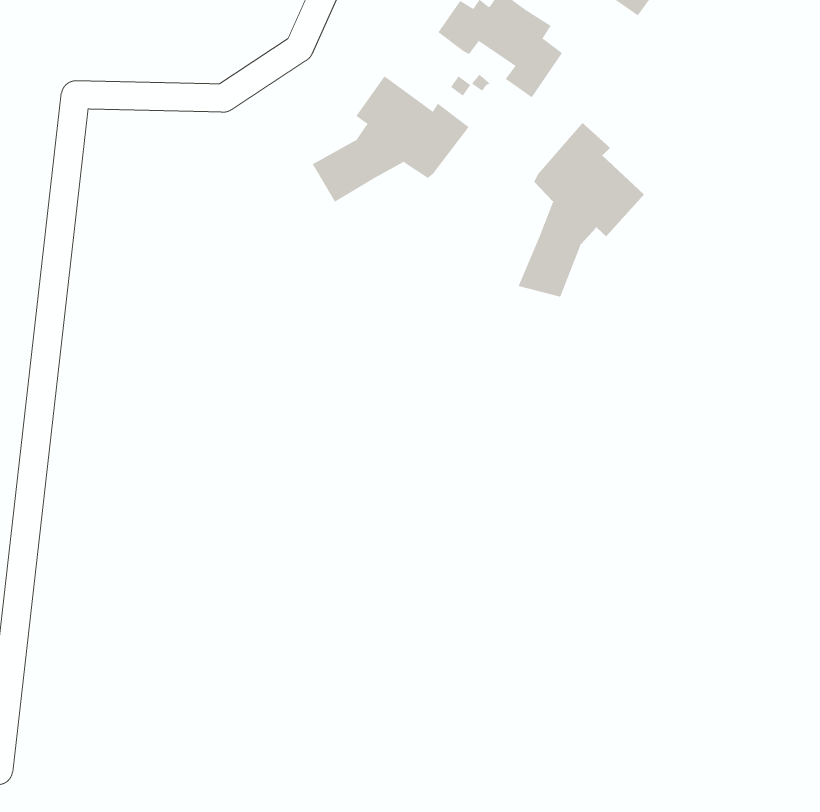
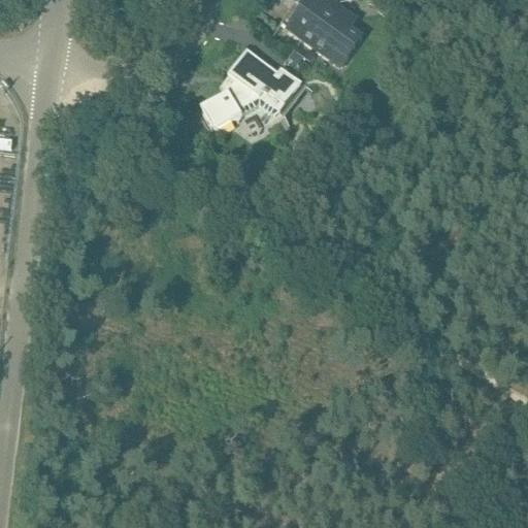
building: [518,122,645,298] -> none

